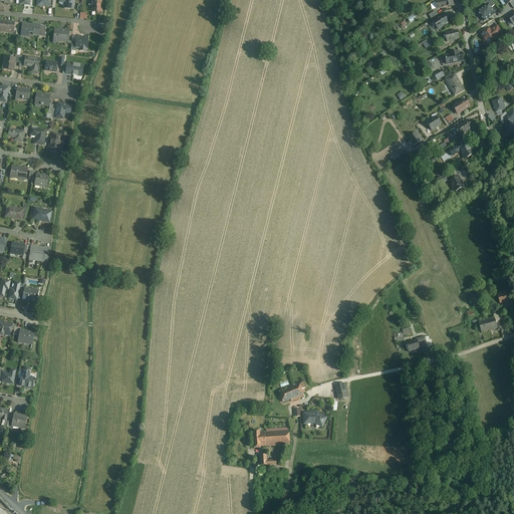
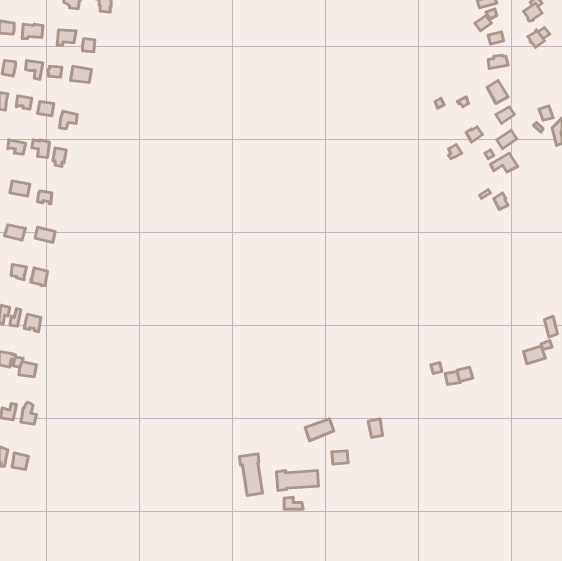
building: none -> [240,454,262,495]

